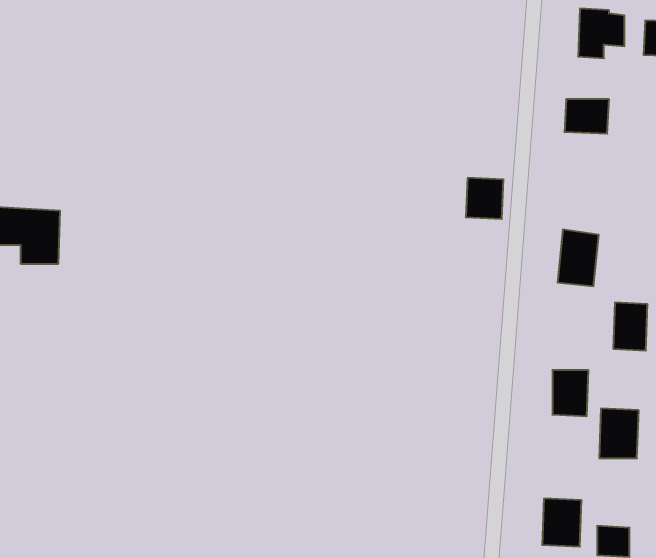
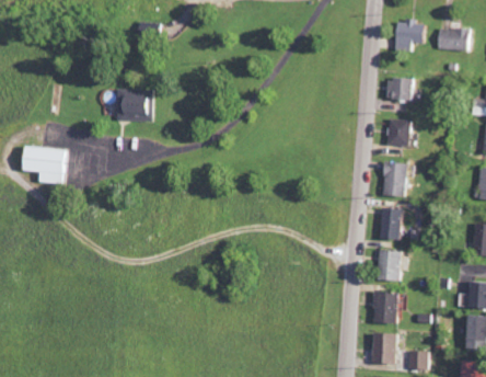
building: none -> [115,89,153,122]
building: [466,178,504,219] -> [387,119,412,146]
building: [613,303,648,351] -> [381,208,403,239]
building: [599,409,639,458] -> [373,292,398,323]

